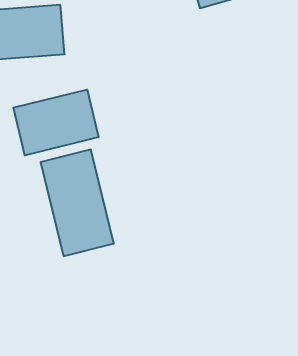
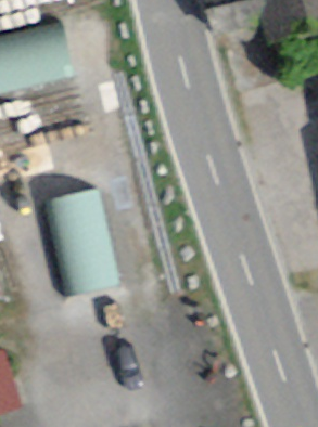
building: [13,90,99,155] -> none

